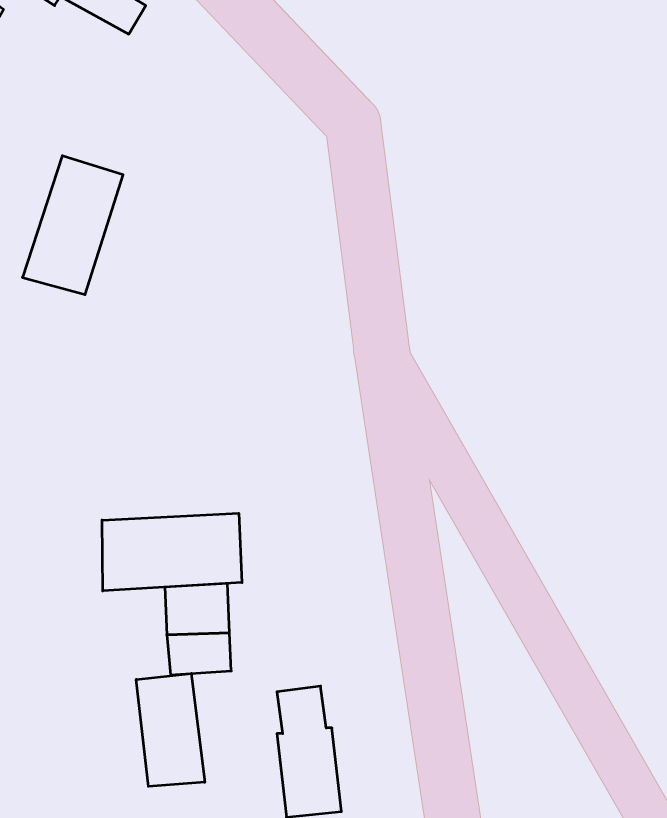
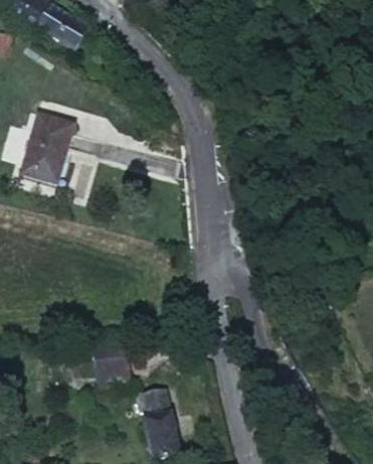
building: [102,513,242,591] -> none
building: [136,673,205,786] -> none

